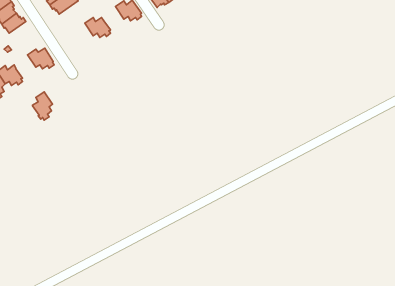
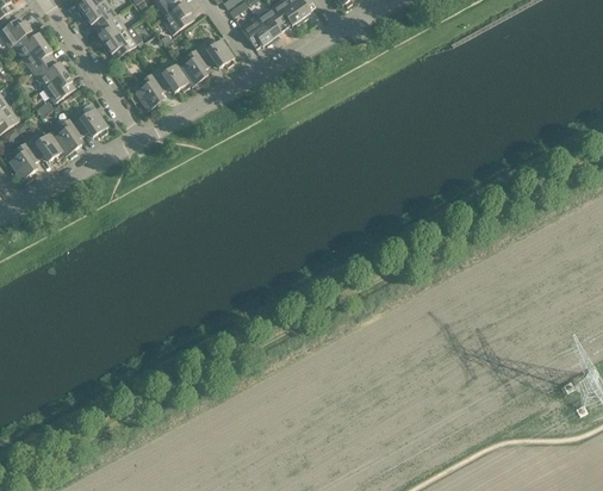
building: none -> [179,48,207,88]
building: none -> [43,69,74,102]
building: none -> [133,72,163,112]
building: [32,92,52,120] -> [52,117,81,157]

